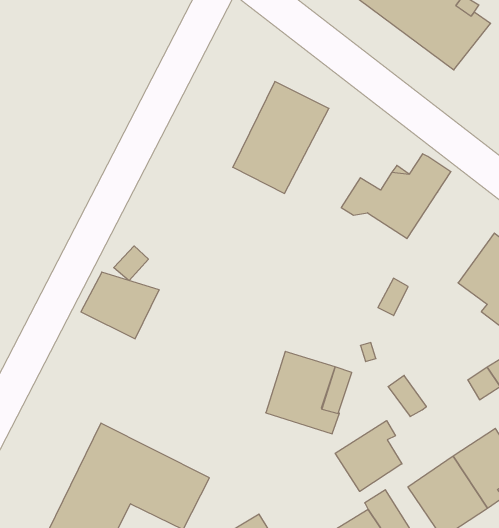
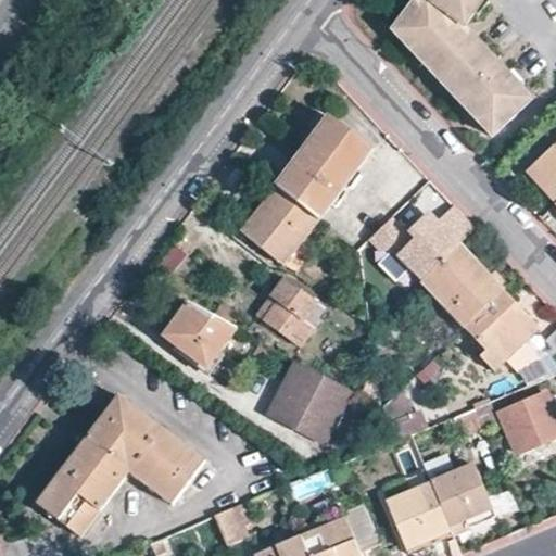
building: none -> [239,187,318,268]
building: none -> [418,241,501,326]
building: none -> [253,278,311,344]
building: [81,272,159,339] -> [162,304,236,369]
building: [335,421,402,491] -> none

